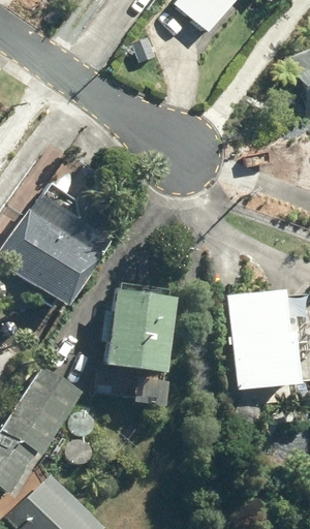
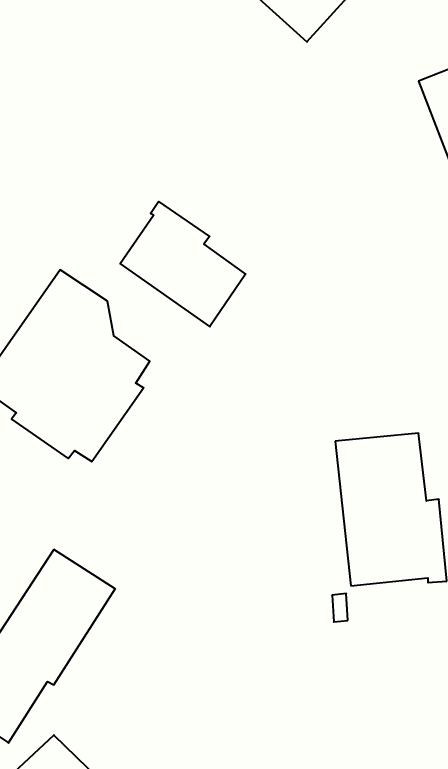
building: none -> [120,202,246,327]
building: [103,292,176,406] -> none

